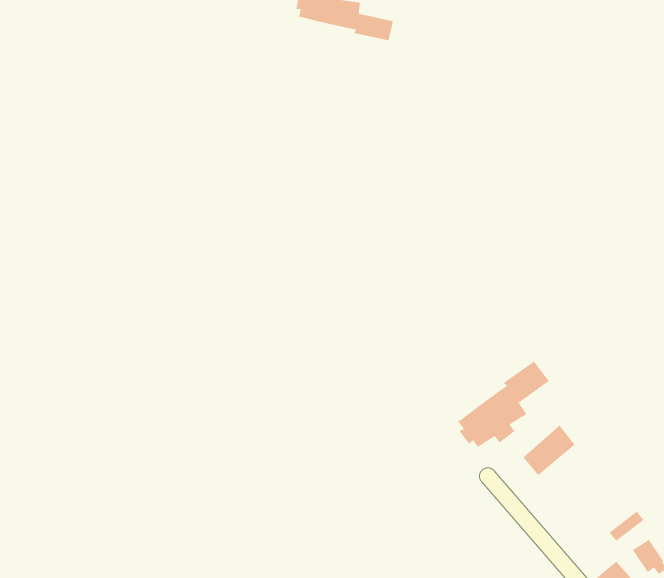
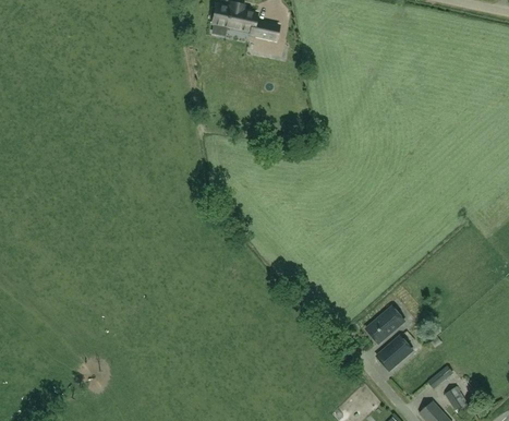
building: [457,360,550,448] -> none
building: none -> [377,337,413,371]

